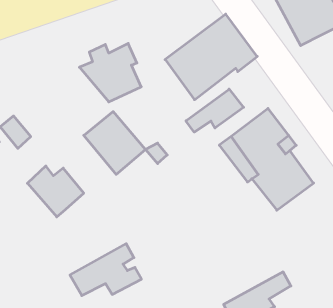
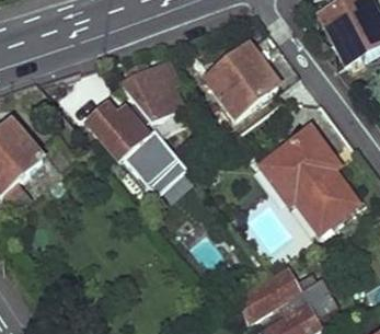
building: [186,89,244,132] -> none
building: [27,166,84,217] -> [89,107,146,159]
building: [70,244,141,296] -> [240,263,312,315]

